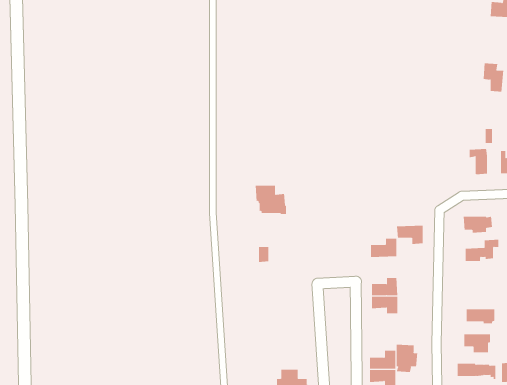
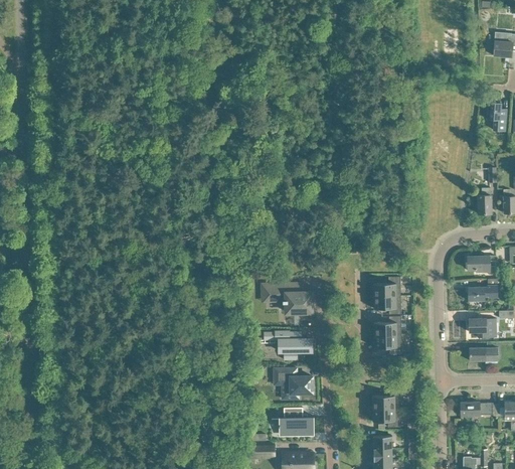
building: [255,185,287,215] -> [281,285,313,314]
building: [396,225,423,244] -> [374,296,401,315]
building: none -> [269,331,314,360]
building: none -> [275,367,313,400]
building: [464,334,491,353] -> [470,319,497,338]
building: [396,344,418,373] -> none

